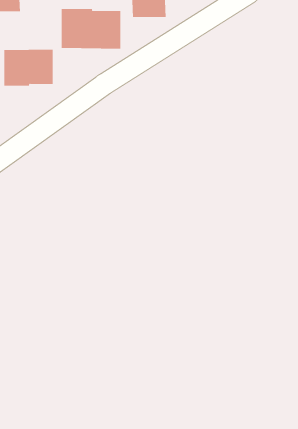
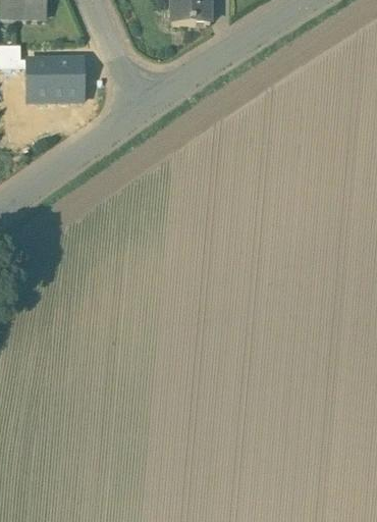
building: [61,8,121,49] -> none

